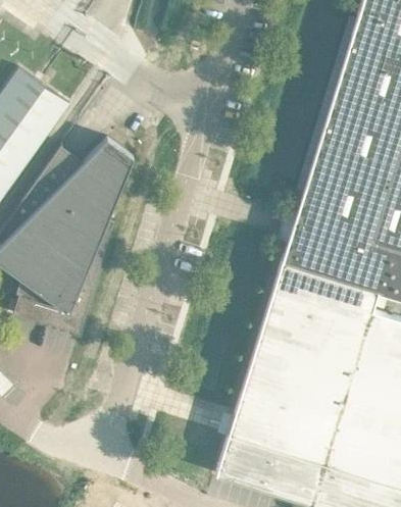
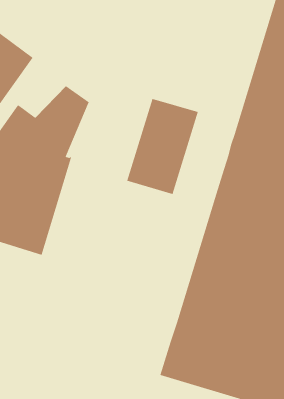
building: none -> [126,98,198,195]

